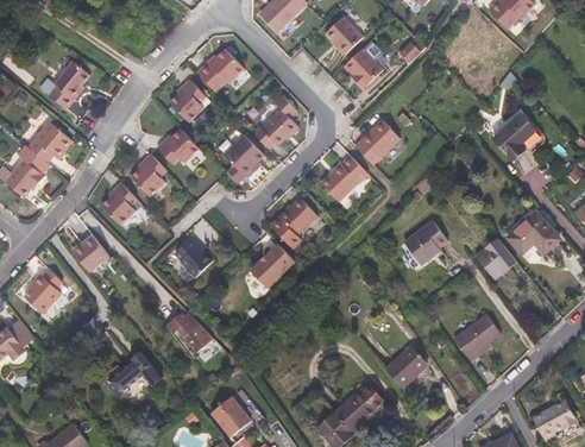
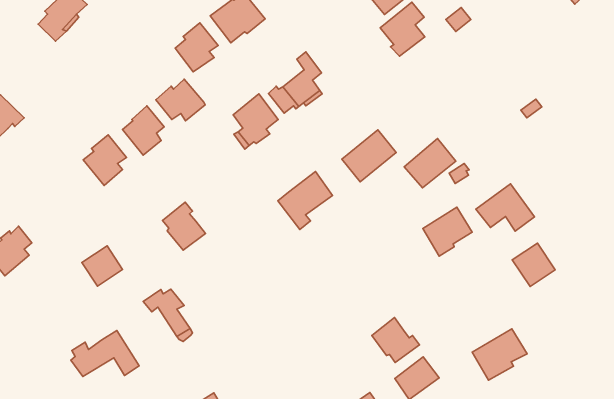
building: [493,114,534,158] -> none
building: [358,119,402,163] -> [404,138,456,188]
building: [29,120,71,162] -> none
building: [508,212,559,252] -> [476,184,535,231]
building: [75,237,111,272] -> [82,246,123,286]
building: [252,241,296,285] -> none
building: none -> [372,318,419,362]

